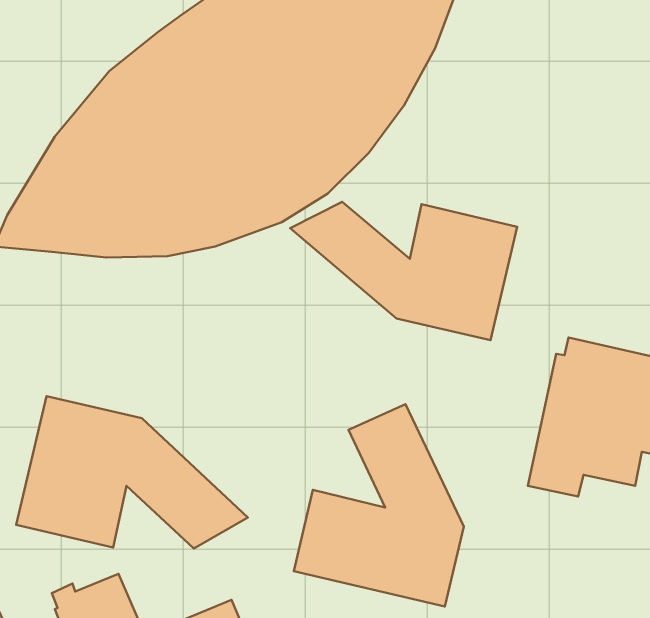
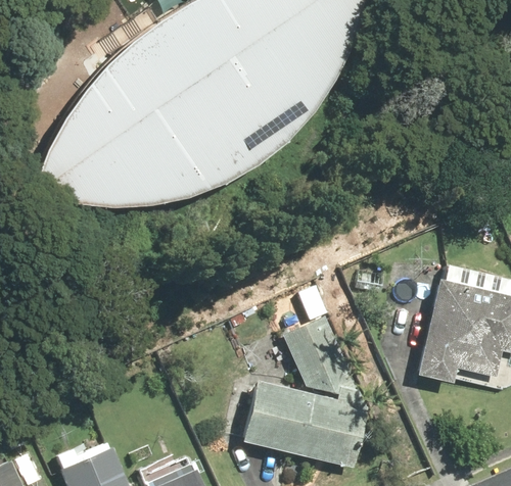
building: [290,202,517,340] -> none
building: [16,396,248,548] -> none

